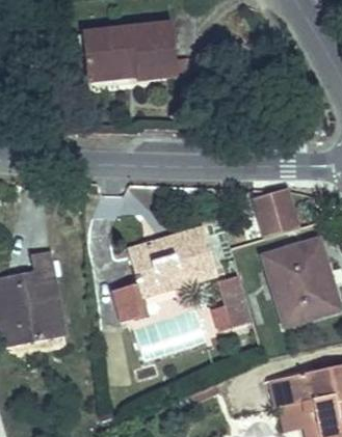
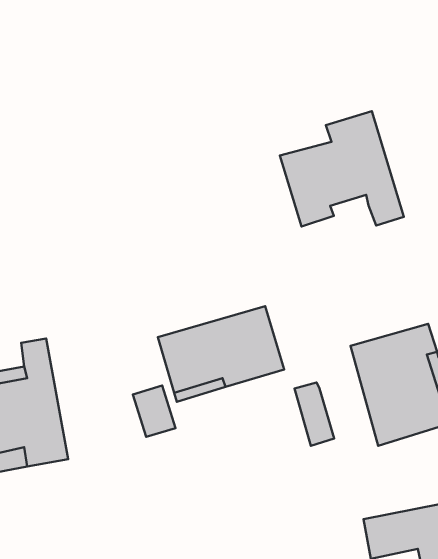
building: [83,23,178,78] -> none
building: none -> [280,111,404,227]
building: [255,192,298,239] -> none

